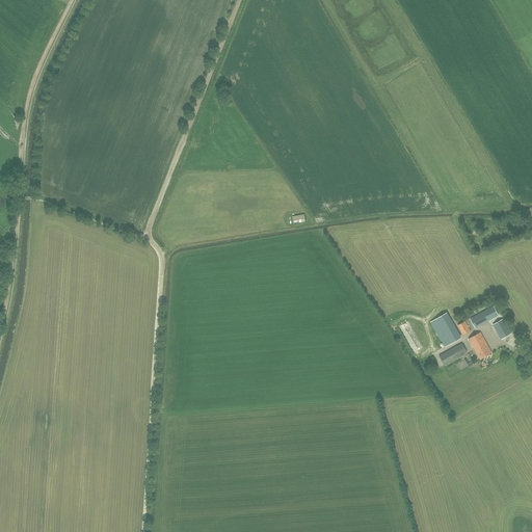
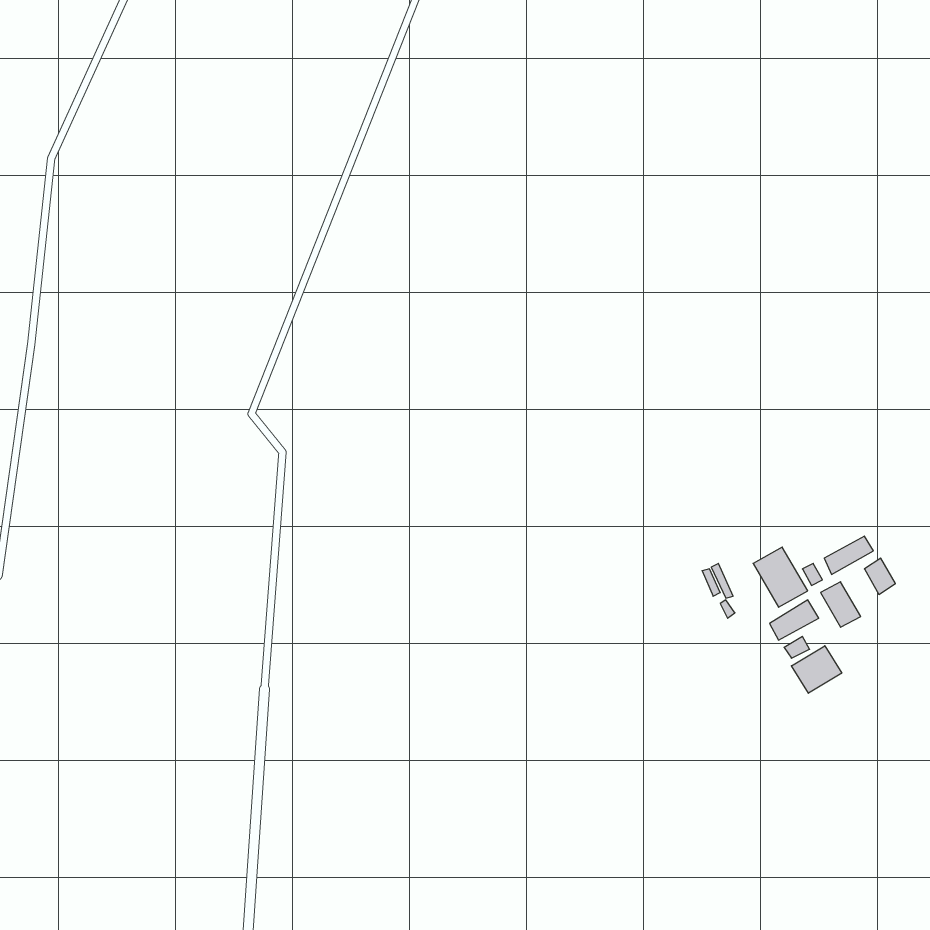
building: none -> [791,646,842,693]

